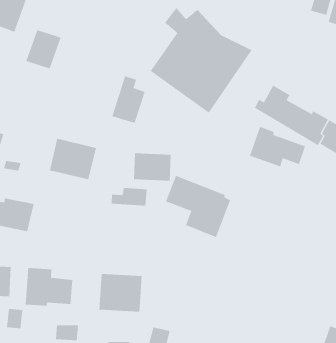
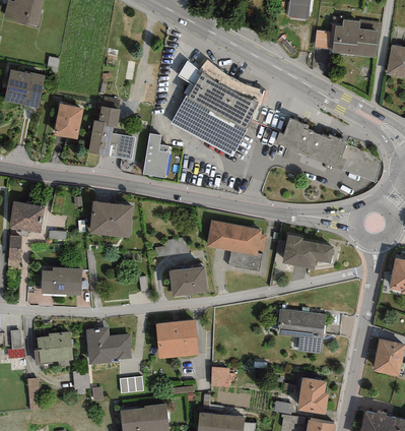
building: none -> [87,106,134,159]
building: [249,126,306,167] -> [281,234,333,269]
building: [133,153,172,181] -> [168,265,207,295]
building: none -> [277,309,325,354]

